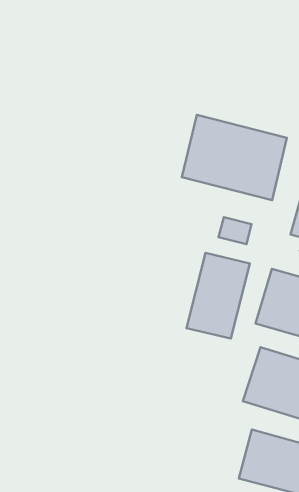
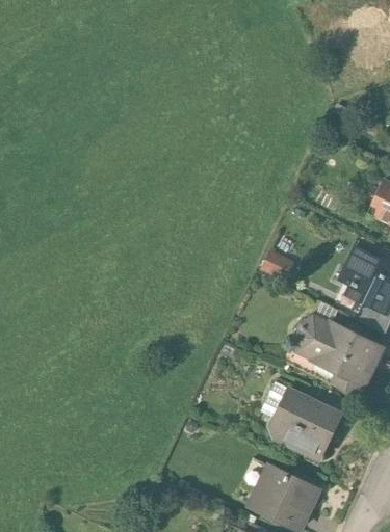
building: [182,115,287,200] -> none
building: [186,253,250,339] -> none

